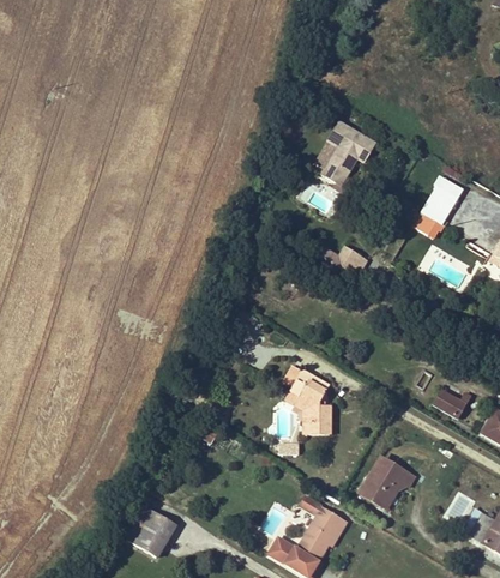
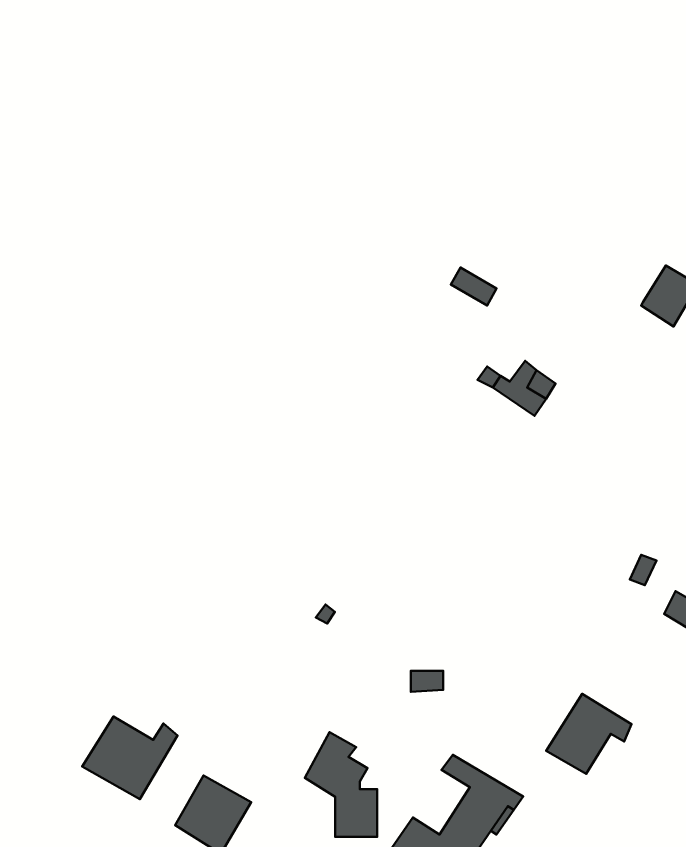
building: [321,121,375,182] -> none
building: [287,368,332,434] -> [305,732,377,837]
building: none -> [82,717,178,799]

